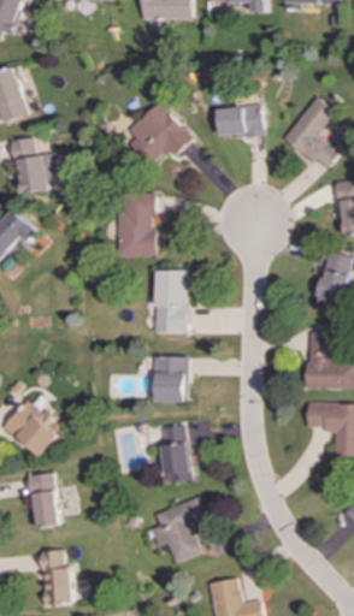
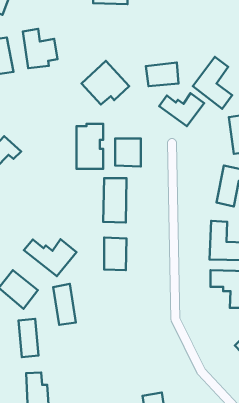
building: [10,136,59,192] -> [23,29,57,68]
building: none -> [159,93,204,126]
building: none -> [115,138,141,167]
building: none -> [24,239,76,276]
building: [160,424,193,482] -> [53,284,76,325]
building: [152,496,207,562] -> none

